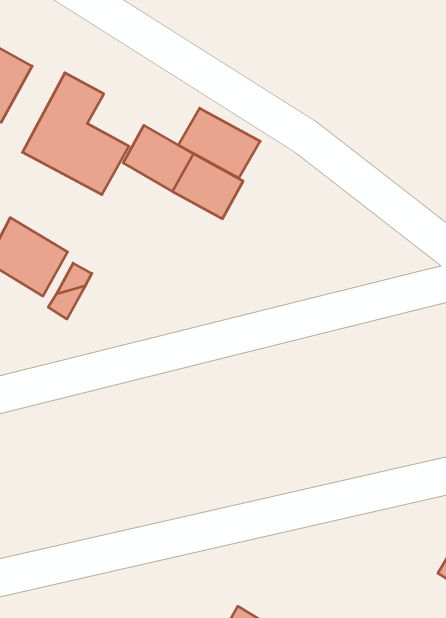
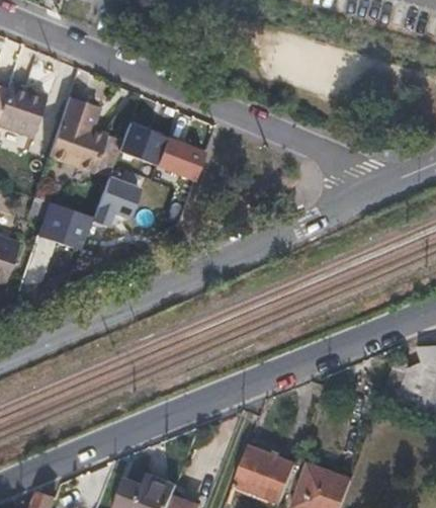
building: [178,108,260,178] -> none
building: none -> [90,175,141,225]

